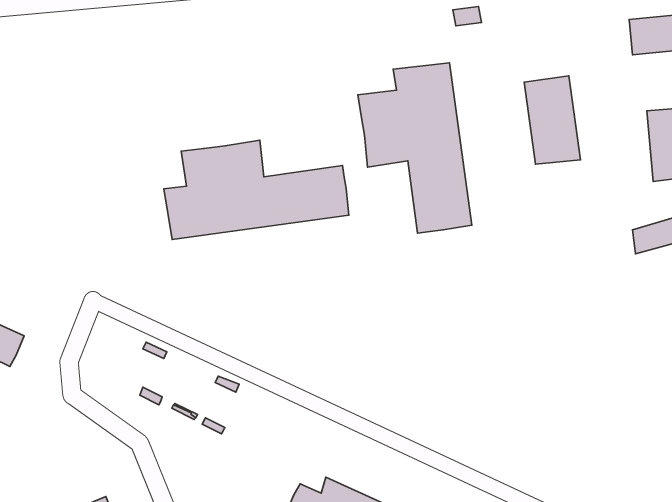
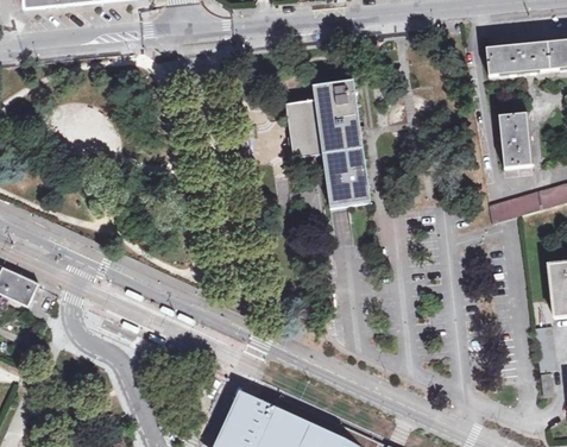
building: [524,76,581,164] -> none
building: [164,140,349,240] -> none

